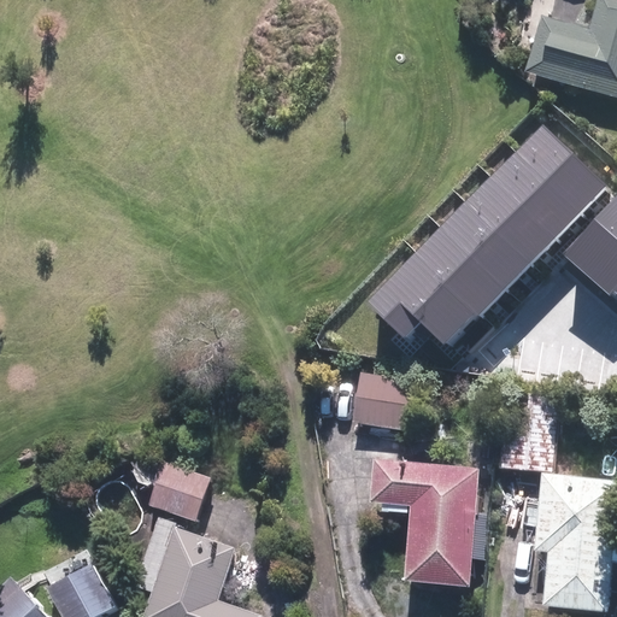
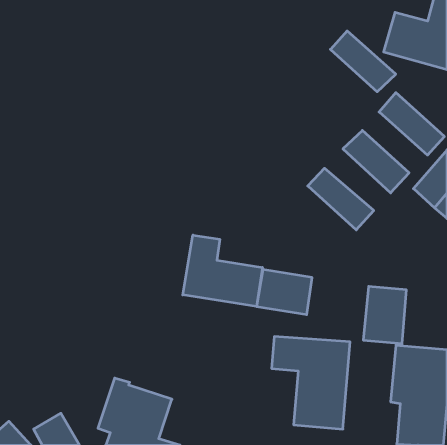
building: [495,153,584,236] -> [330,31,396,92]
building: [443,204,534,288] -> none
building: [369,254,487,346] -> none
building: none -> [183,235,262,307]
building: [146,459,210,519] -> none

